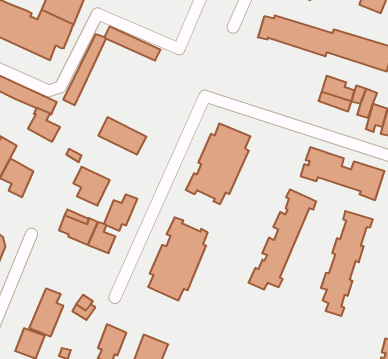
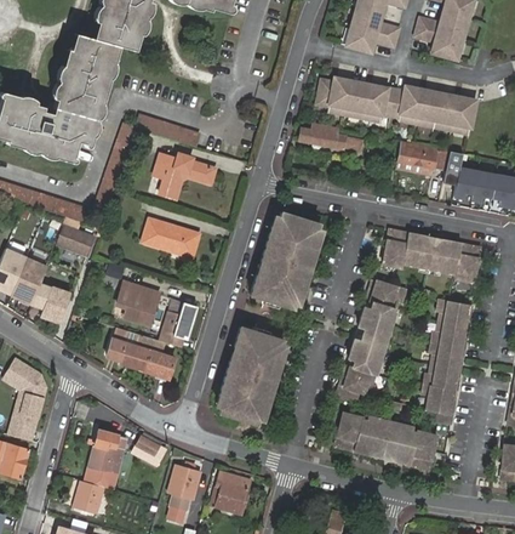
building: none -> [298,123,345,149]
building: none -> [154,152,216,198]
building: none -> [336,411,437,467]

